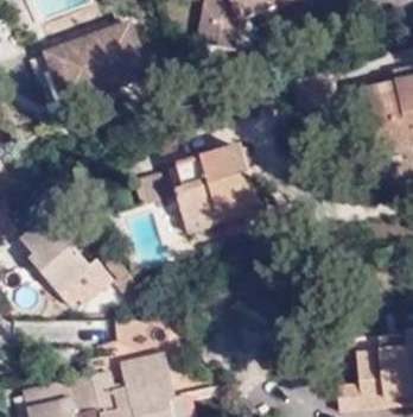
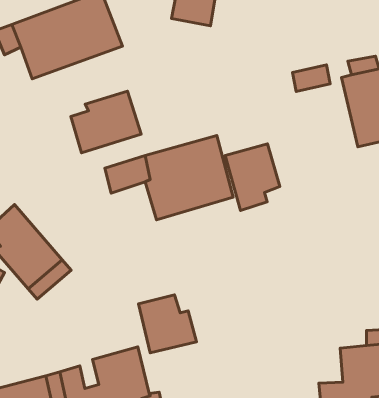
building: none -> [71,91,141,153]
building: none -> [225,144,280,211]
building: none -> [139,295,196,353]

